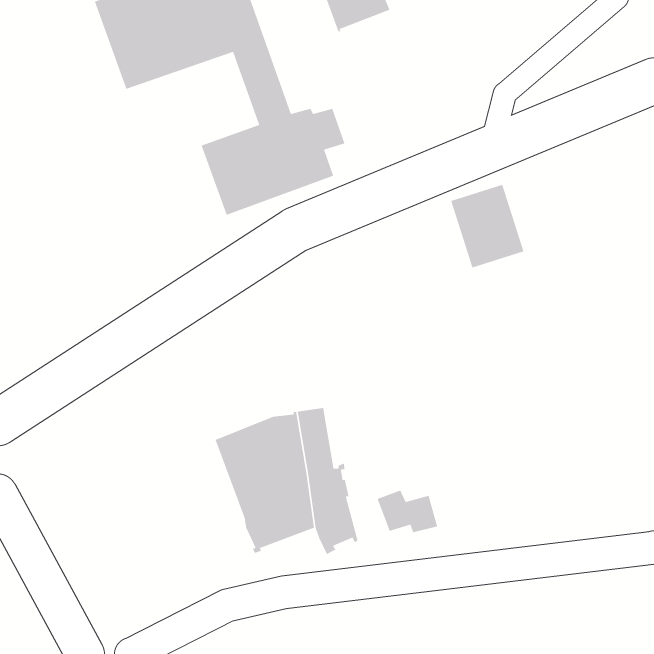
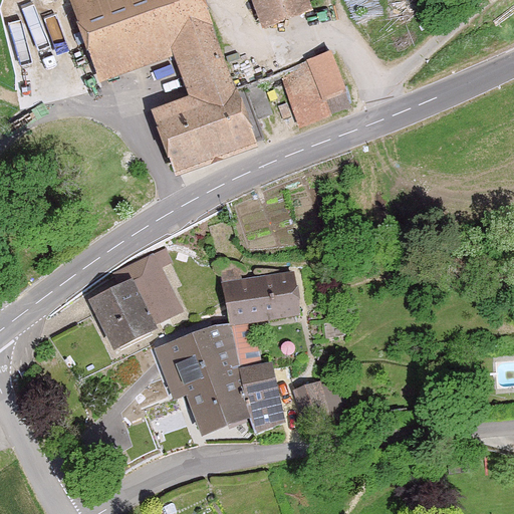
building: [450,184,525,269] -> [279,63,337,130]
building: none -> [96,269,176,346]
building: none -> [221,275,297,321]

